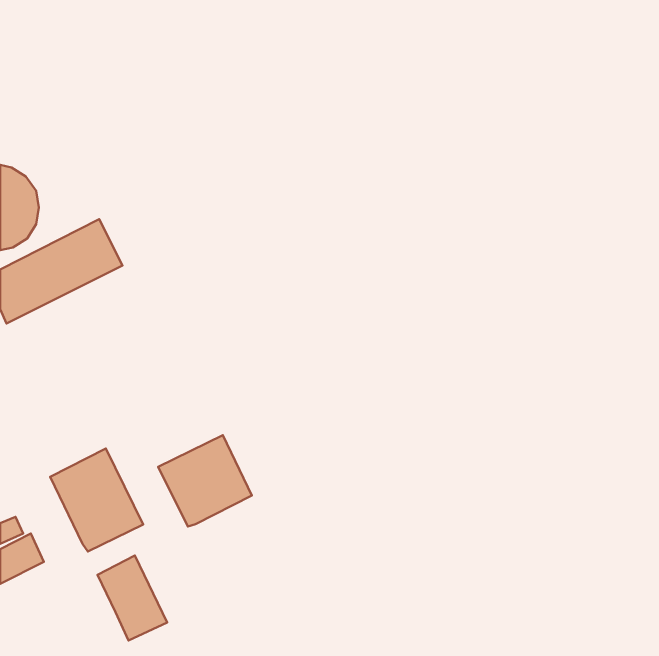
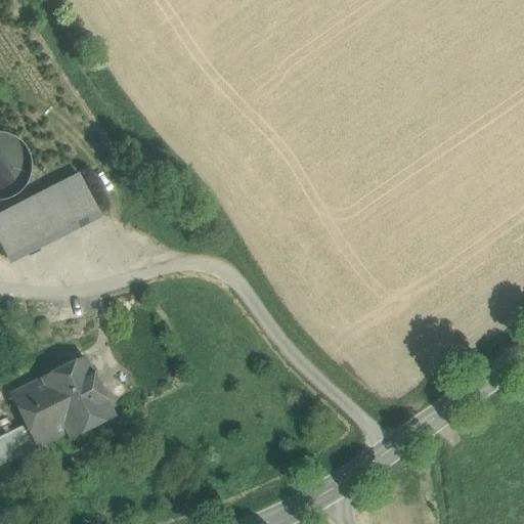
building: [158,435,252,526] -> none
building: [98,555,167,641] -> [10,379,66,446]

